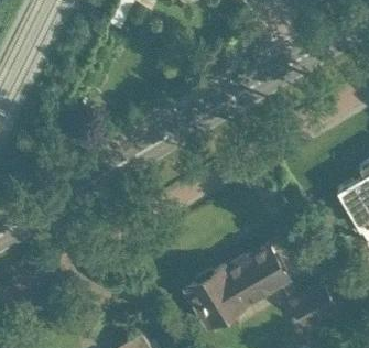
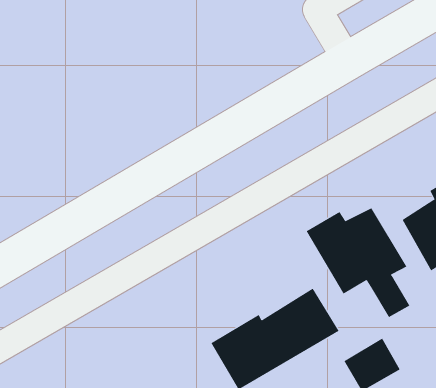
building: none -> [306,207,410,318]

